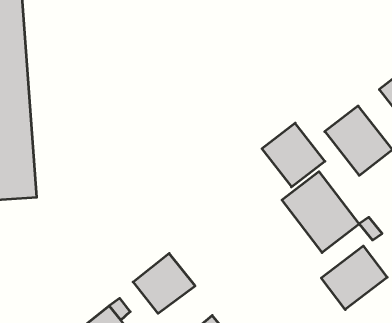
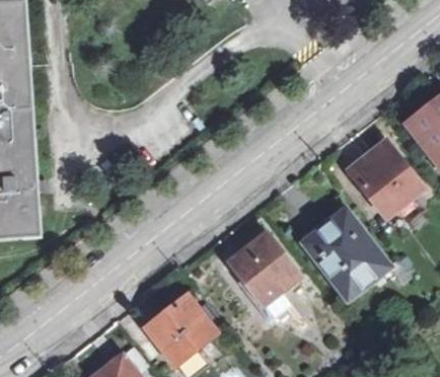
building: [262,123,325,187] -> [228,233,295,301]
building: [321,246,387,310] -> none

